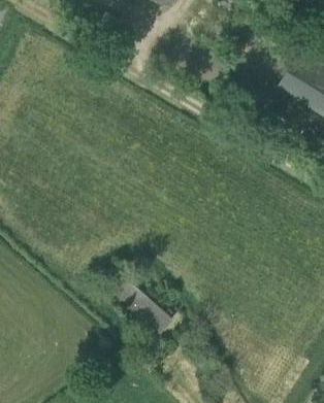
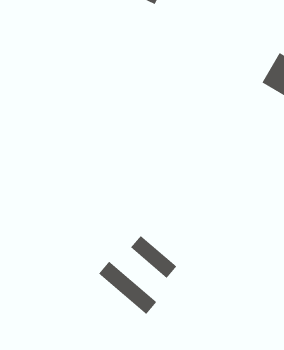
building: none -> [130,235,177,279]

